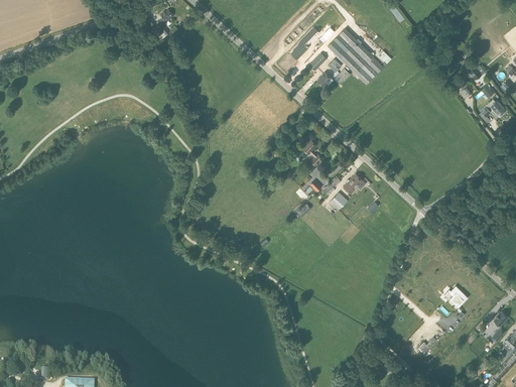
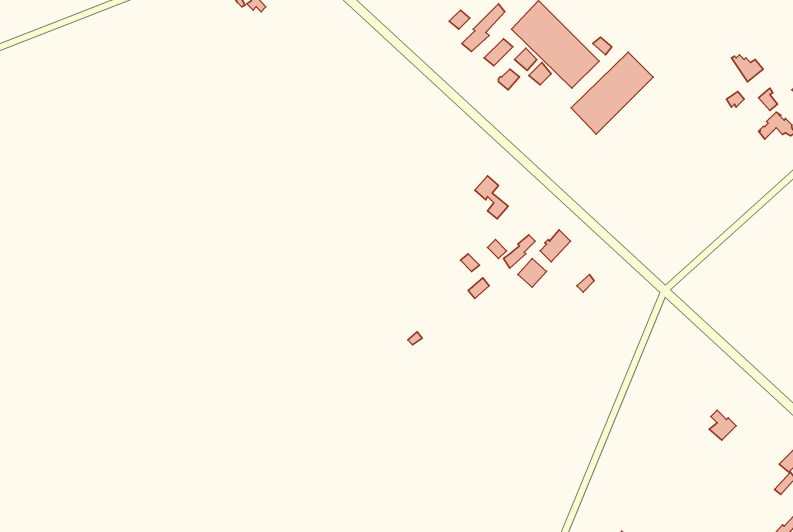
building: none -> [571,52,653,134]

